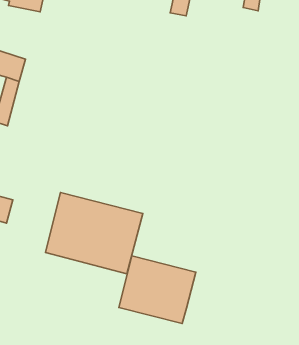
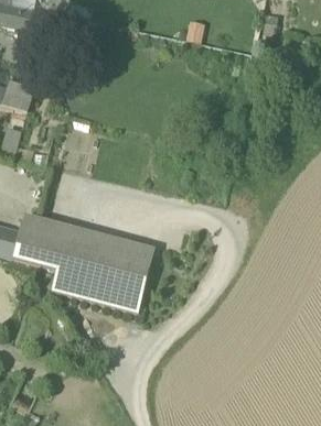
building: none -> [12,212,68,269]
building: [119,256,196,324] -> none

